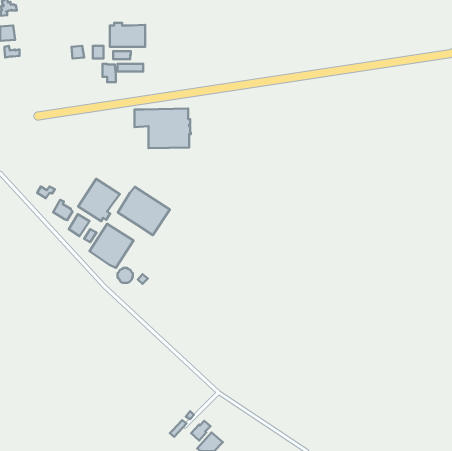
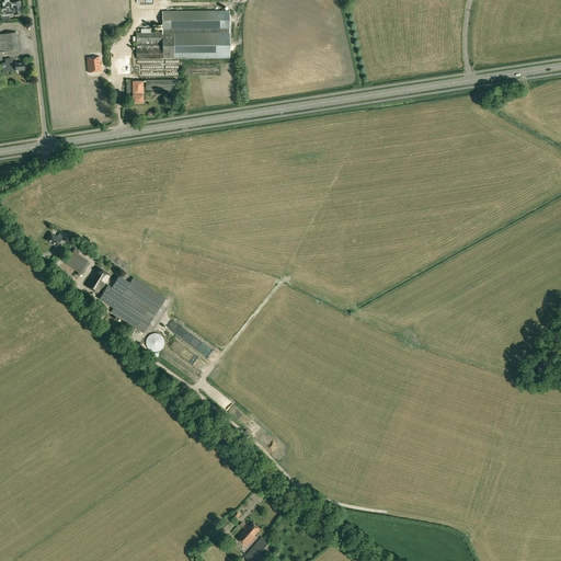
building: [134,108,191,148] -> [162,9,232,58]
building: [78,179,120,221] -> none
building: [118,187,170,235] -> none

